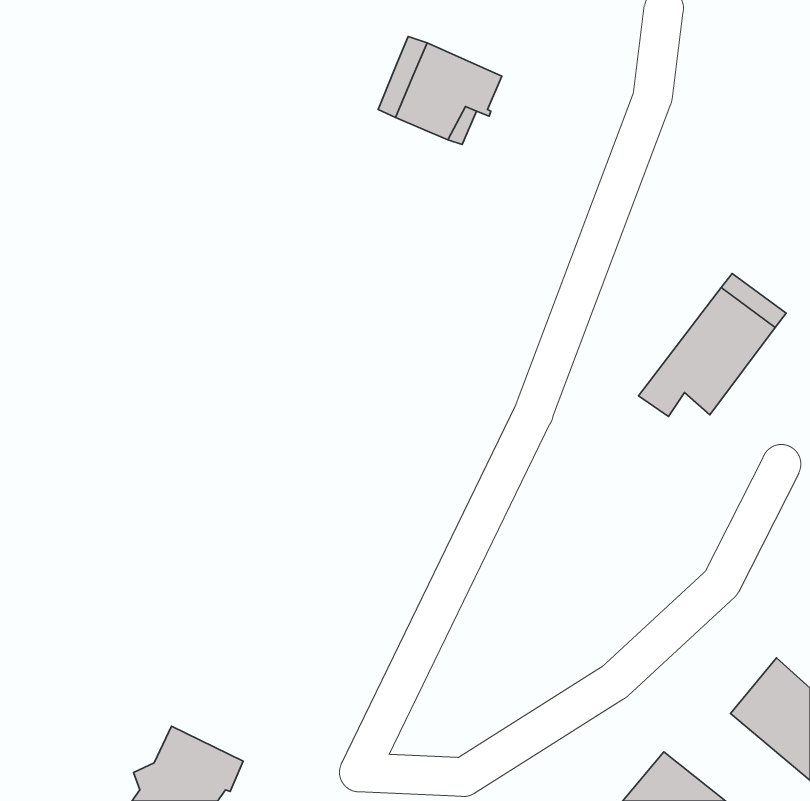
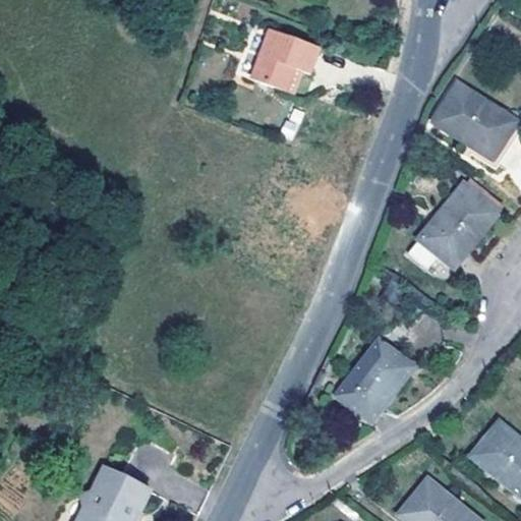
building: none -> [431,81,513,157]
building: none -> [334,342,412,424]

